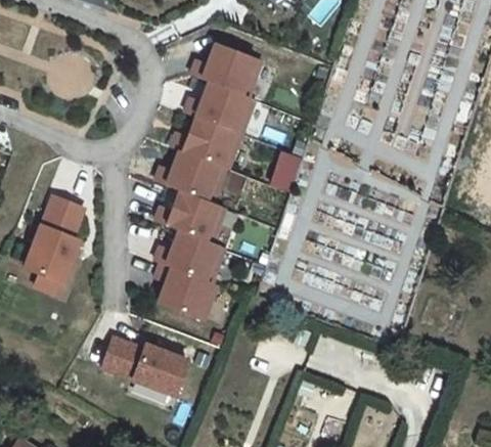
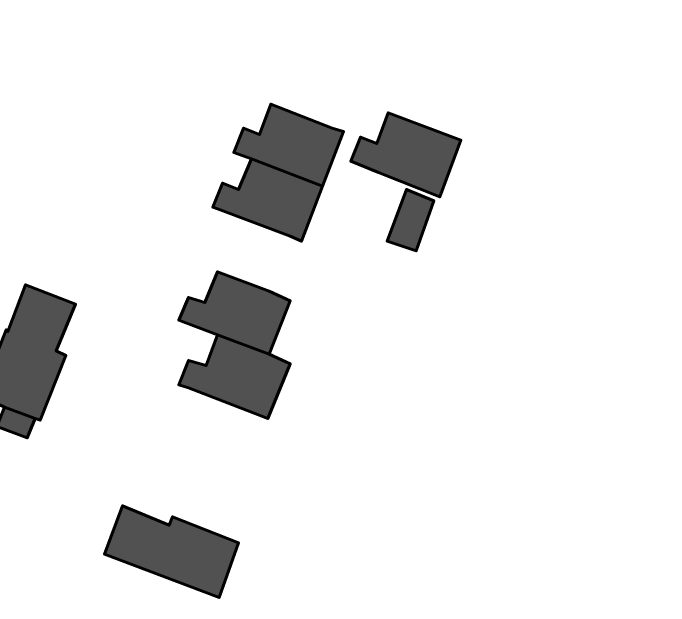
building: [193,45,263,98] -> [351,113,461,197]
building: [153,149,223,202] -> none
building: [152,263,215,319] -> none

